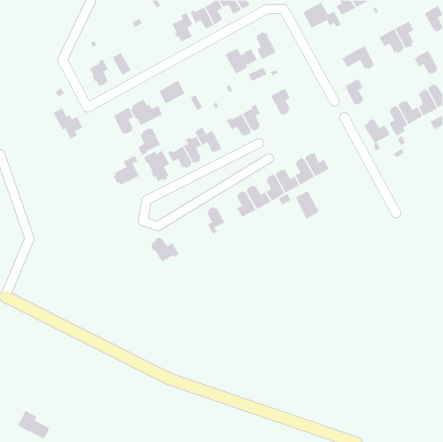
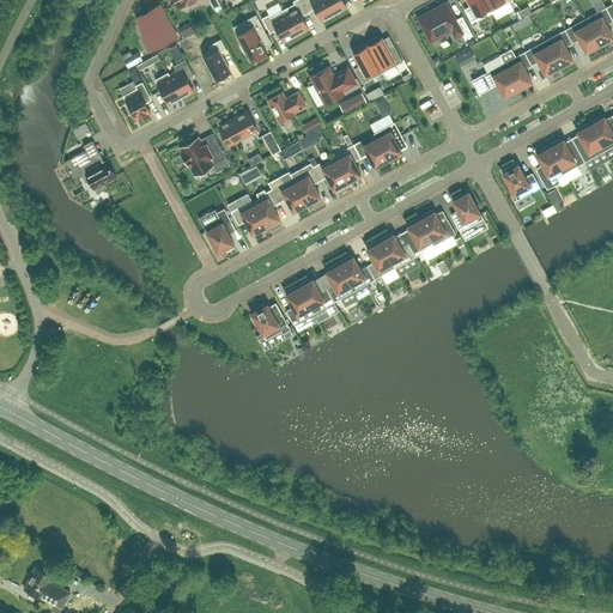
building: none -> [138,10,177,51]
building: none -> [368,36,402,73]
building: none -> [202,40,230,79]
building: none -> [169,60,193,98]
building: [414,50,439,75] -> [565,19,600,53]
building: none -> [267,92,305,123]
building: [345,78,365,106] -> [504,53,532,91]
building: none -> [353,134,388,168]
building: [113,107,134,135] -> none
building: none -> [293,168,320,206]
building: [137,127,161,156] -> none
building: none -> [451,193,482,232]
building: [113,155,144,186] -> none
building: [295,190,319,220] -> none
building: none -> [299,279,334,314]
building: [150,236,180,262] -> [250,304,291,340]

